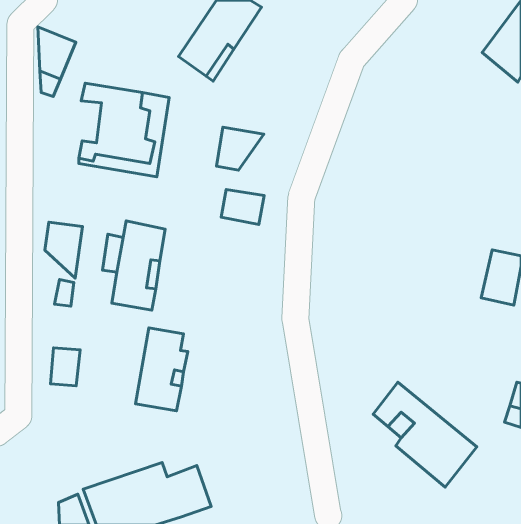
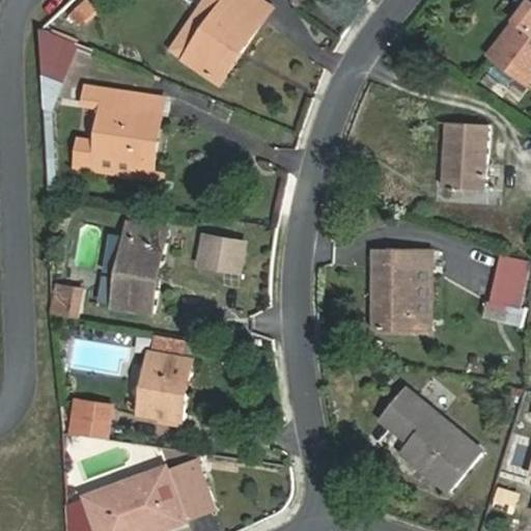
building: none -> [441,122,487,191]
building: [217,127,264,170] -> none
building: [221,189,264,224] -> [198,239,242,274]
building: [45,222,82,278] -> none
building: none -> [369,246,428,332]
building: [50,348,80,386] -> [66,399,96,438]

